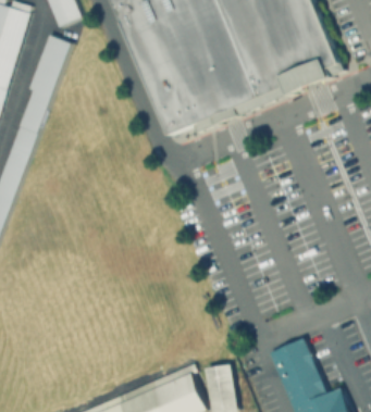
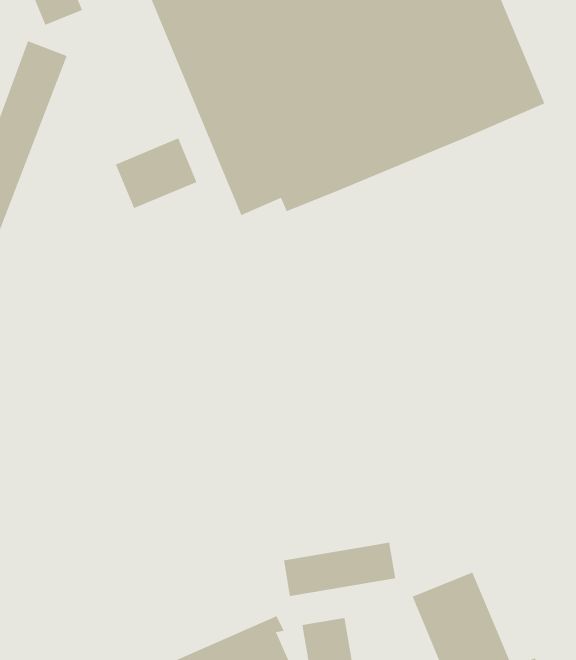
building: none -> [115,138,197,209]
building: none -> [284,542,396,597]

